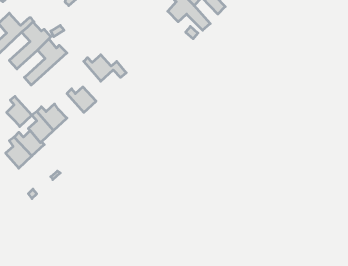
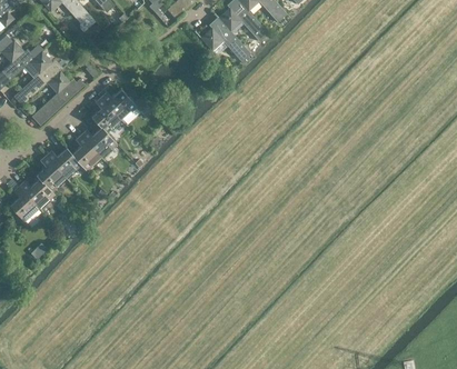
building: none -> [91,97,121,143]
building: [7,96,32,127] -> [71,134,101,170]

